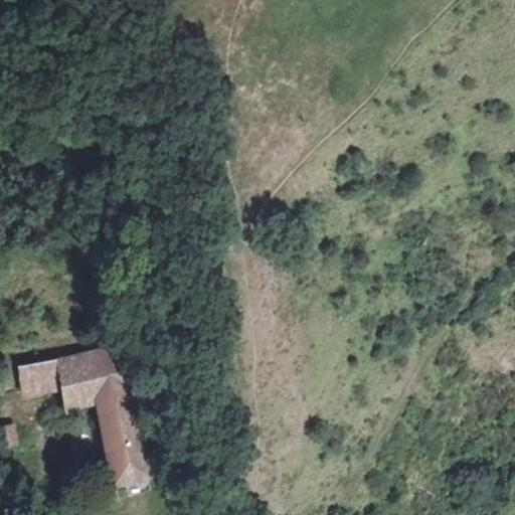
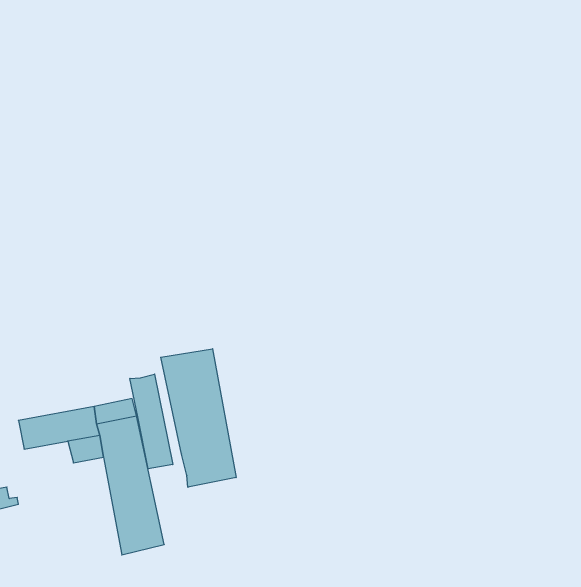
building: none -> [161,349,236,487]
building: none -> [130,374,173,469]

